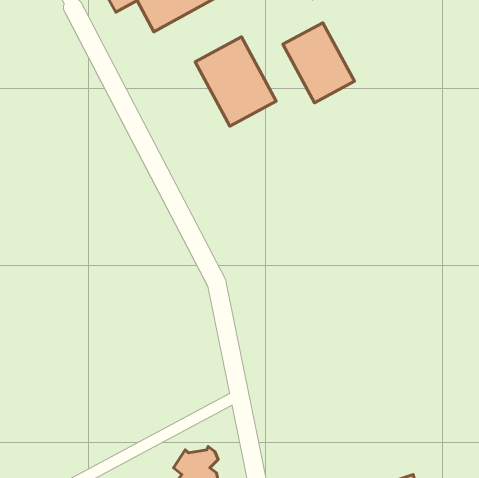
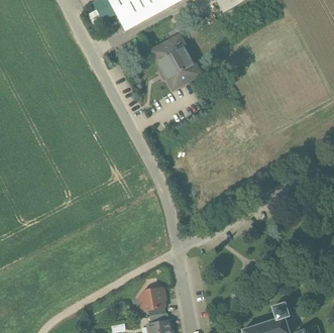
building: [283,23,354,103] -> none

